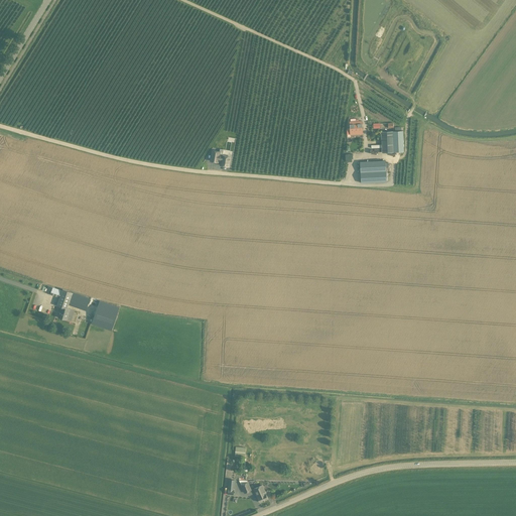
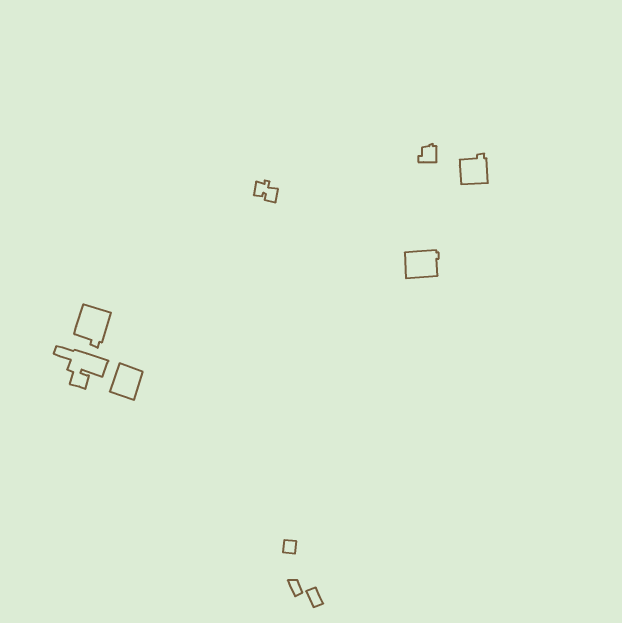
building: [359,160,387,183] -> [405,250,439,278]
building: none -> [74,304,111,348]

